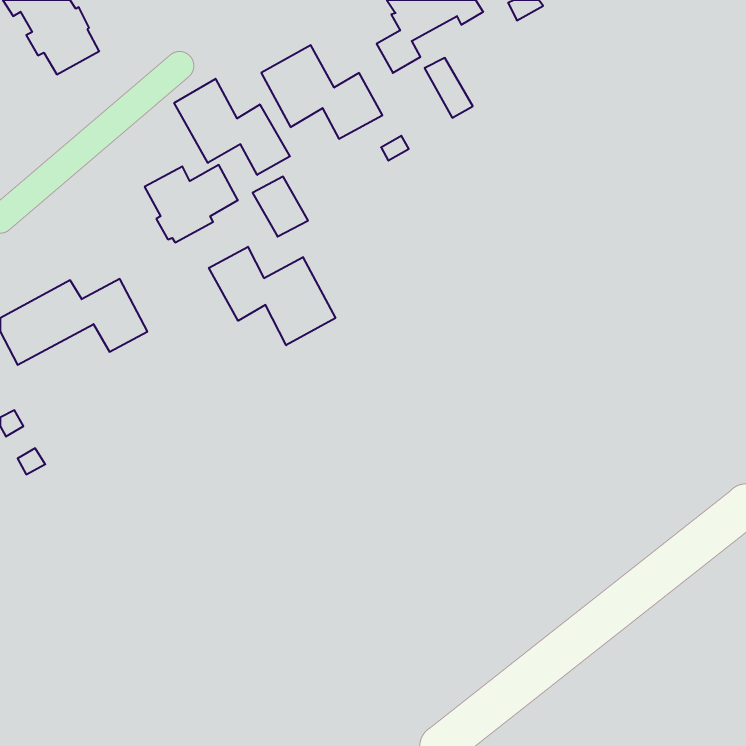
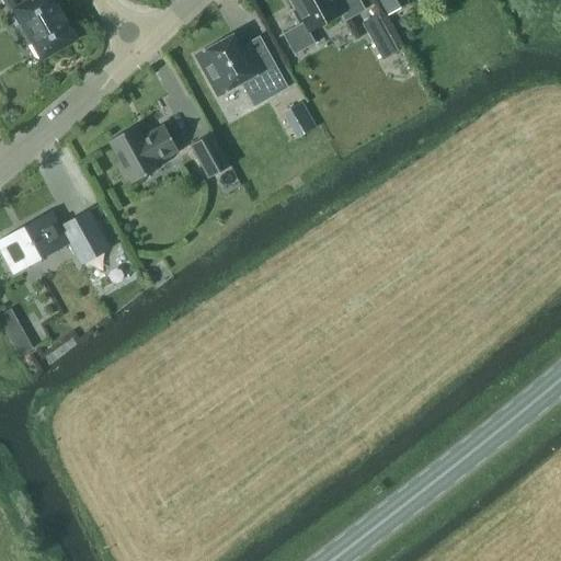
building: [425,58,473,118] -> [363,14,399,59]
building: [174,79,290,175] -> none
building: [209,247,335,345] -> none

